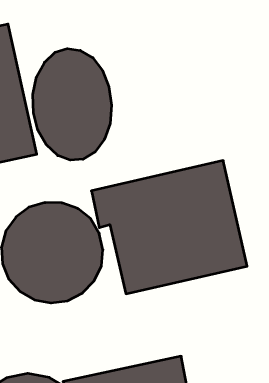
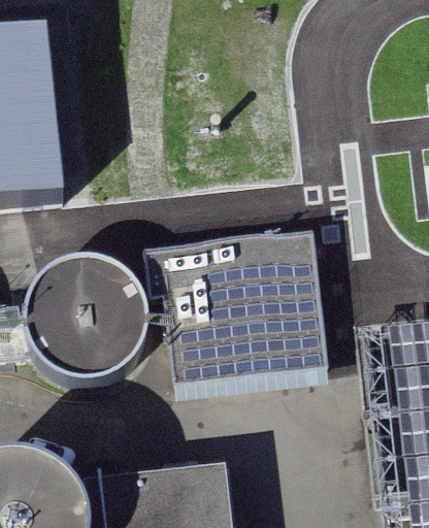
building: [33,49,112,160] -> none

